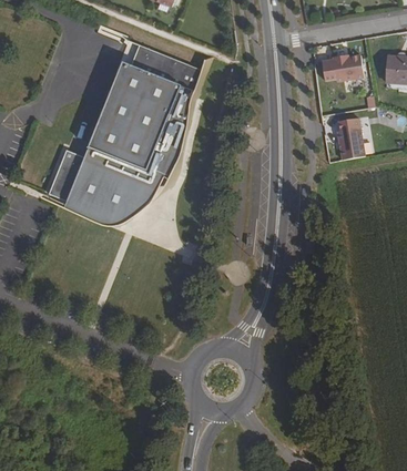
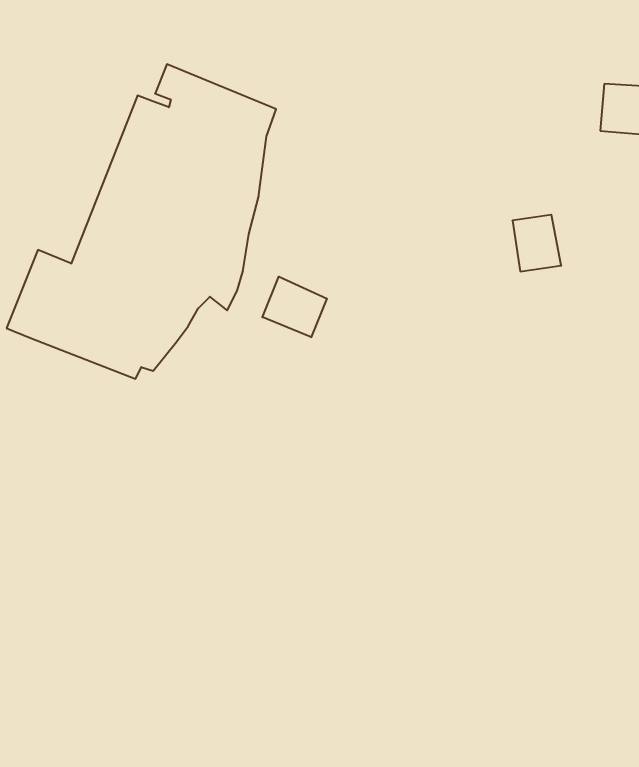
building: [320,54,363,81] -> none
building: none -> [262,277,327,337]

